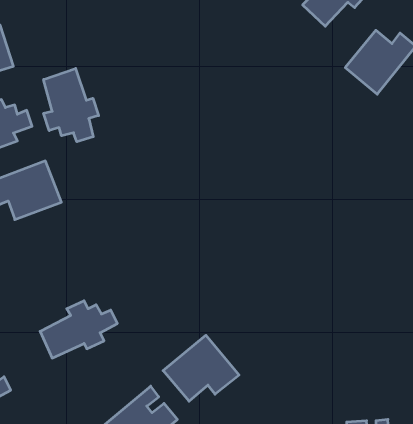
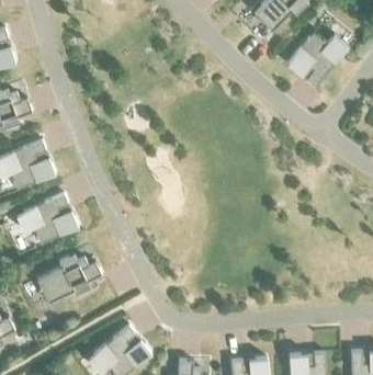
building: [44,68,99,142] -> none
building: none -> [15,193,78,242]
building: [163,335,239,401] -> none

